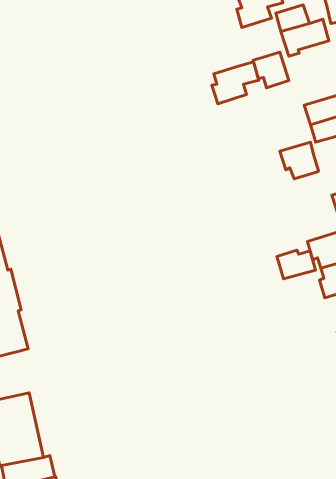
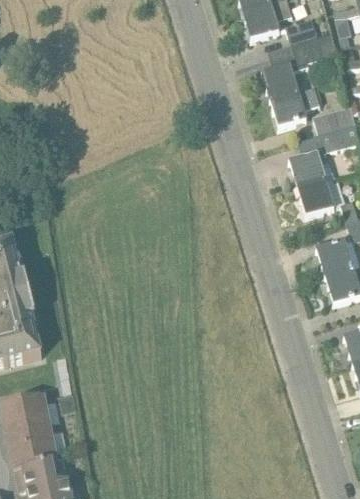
building: [212,62,259,104] -> [272,84,318,125]
building: none -> [299,178,334,214]
building: [277,250,315,279] -> none

